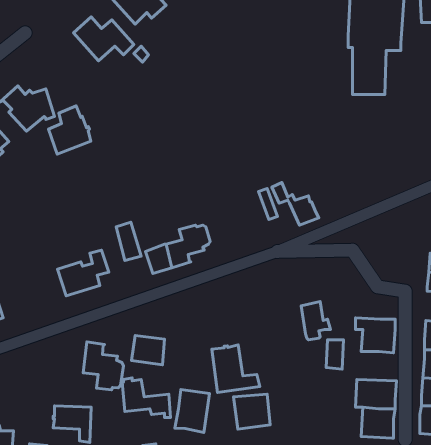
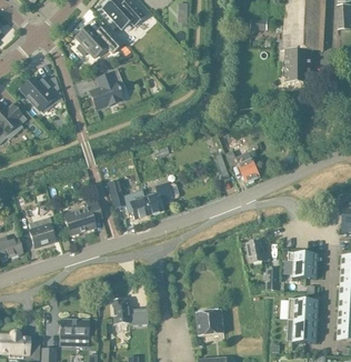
building: [48,106,91,154] -> [89,72,121,109]
building: none -> [28,215,53,247]
building: [131,336,165,365] -> none
building: [83,342,124,390] -> none
building: [212,345,260,392] -> none
building: [175,389,210,432] -> none

